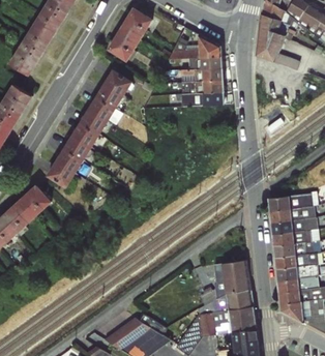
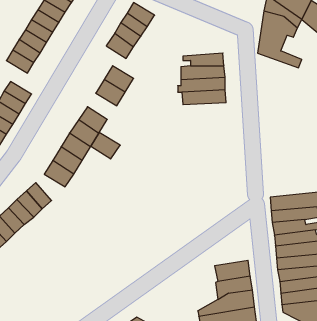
building: [167,27,220,59] -> none
building: [87,95,116,121] -> [91,133,120,159]

